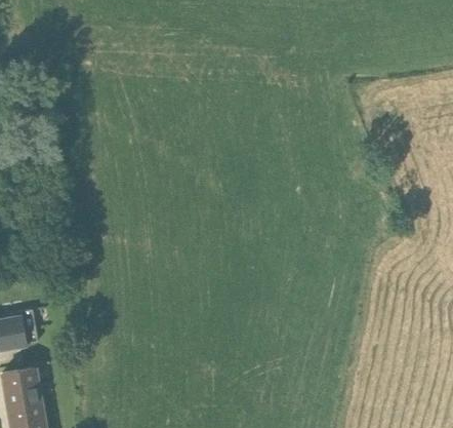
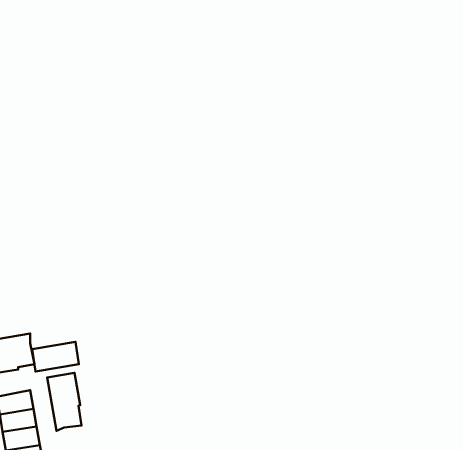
building: none -> [32,342,79,372]
building: none -> [47,373,82,431]

